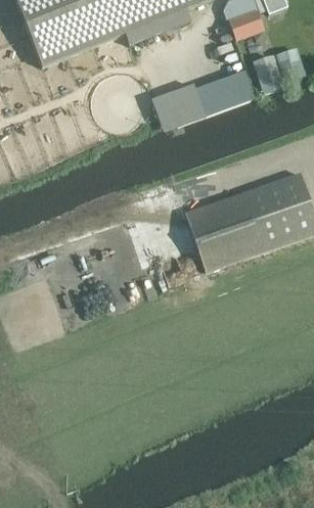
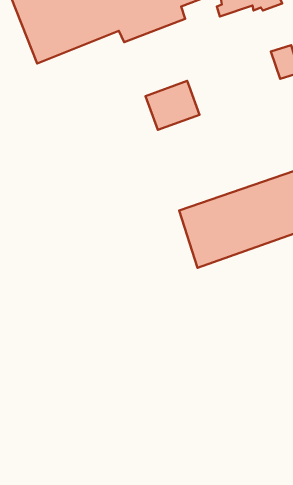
building: [229,11,266,42] -> none
building: [254,55,283,94] -> none
building: [196,71,256,117] -> none

